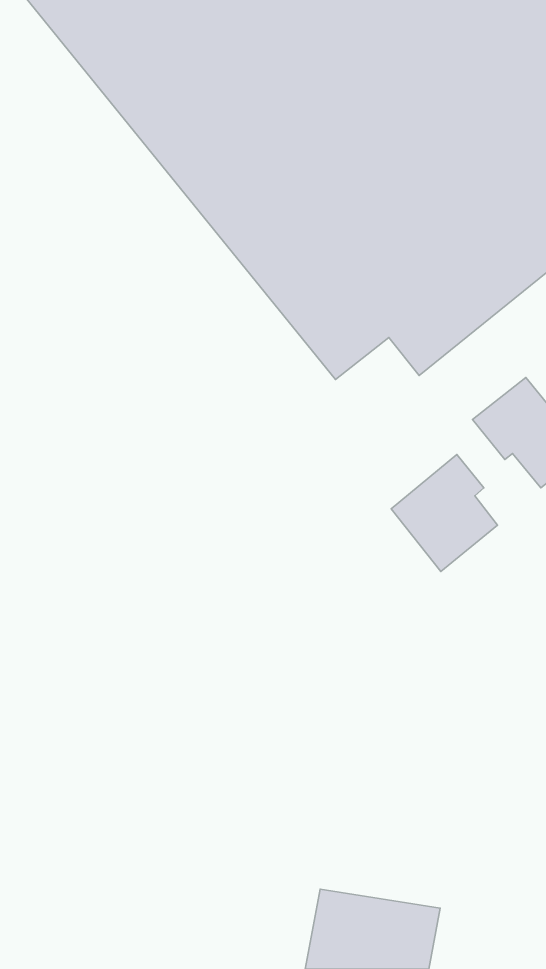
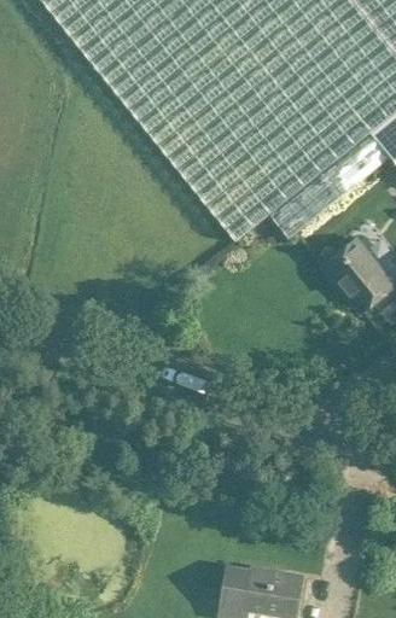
building: [391,455,498,572] -> none

